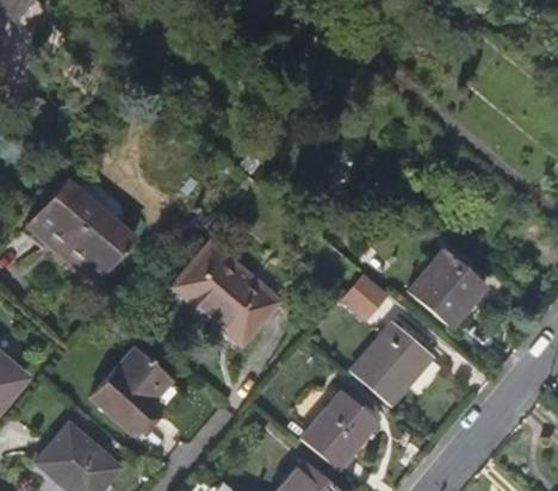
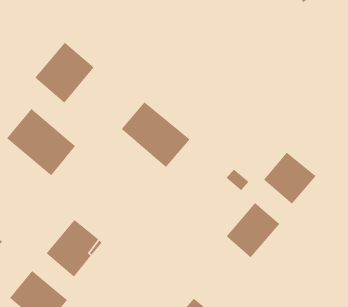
building: none -> [34,42,95,103]
building: [178,246,280,343] -> [121,101,191,168]
building: [302,392,382,472] -> none

